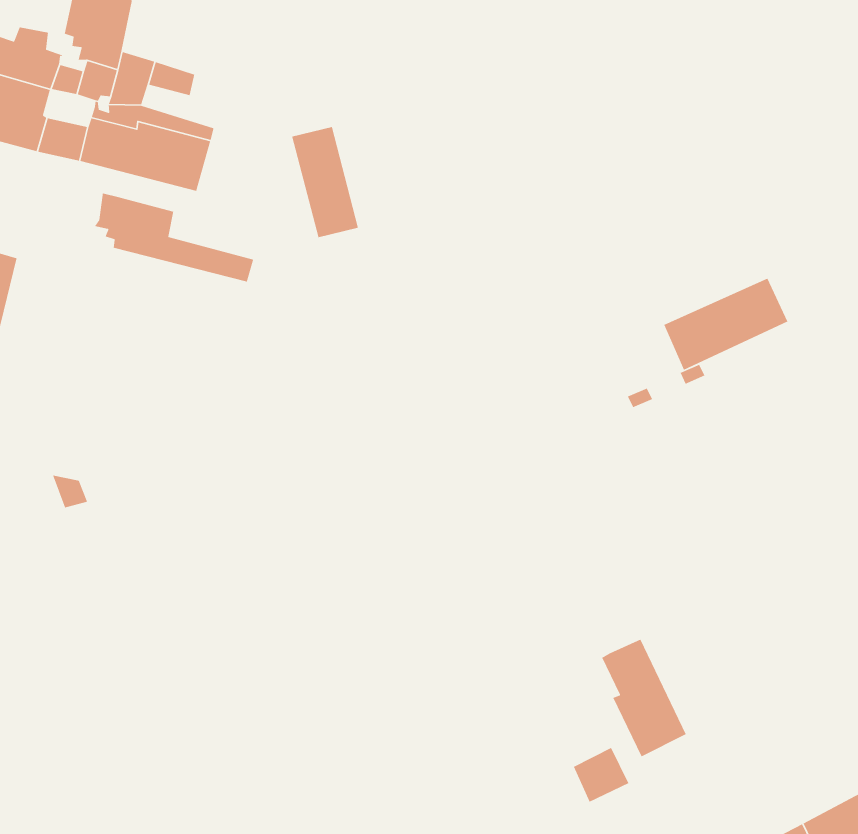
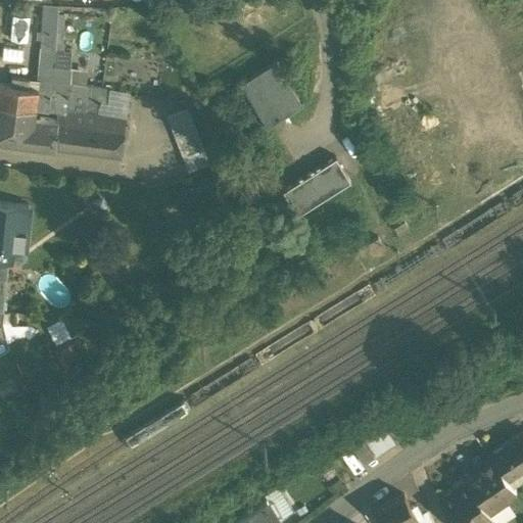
building: none -> [240,63,302,129]
building: [94,193,254,282] -> none
building: [663,277,789,371] -> [283,156,350,212]
building: [601,638,687,757] -> none

